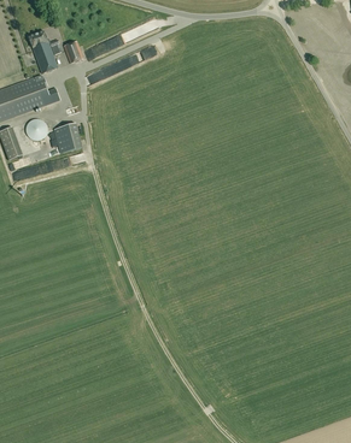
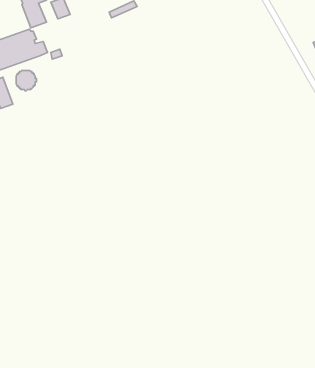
building: [53,123,82,153] -> none

